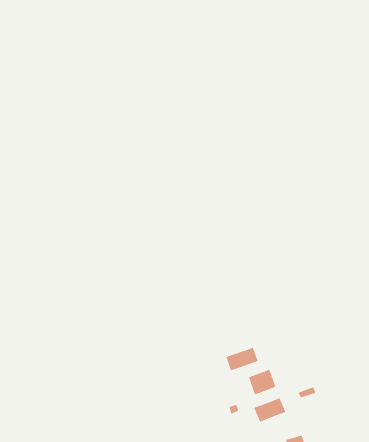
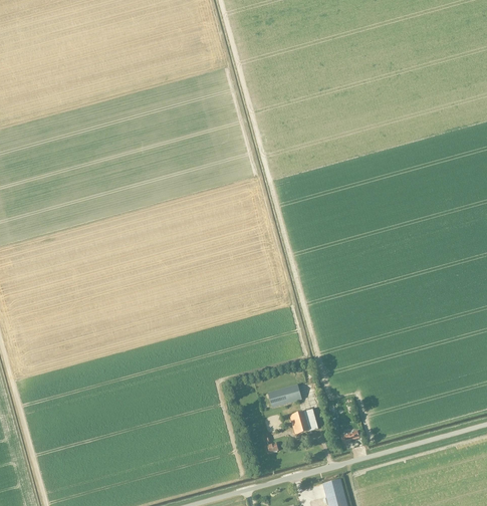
building: [253,398,286,422] -> none

